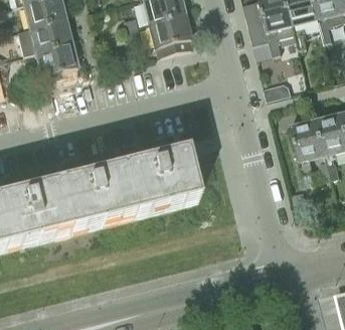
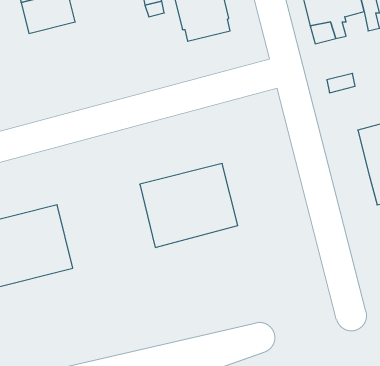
building: [35,40,78,75] -> none
building: [57,167,134,232] -> none

